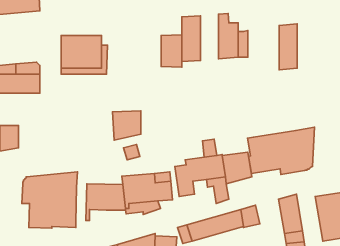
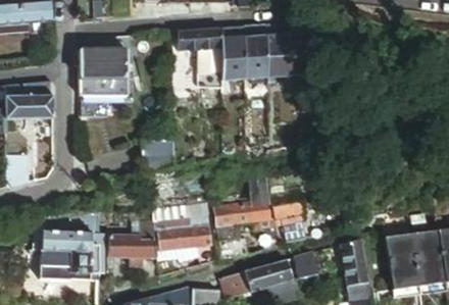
building: none -> [180,28,223,52]
building: [279,24,297,70] -> [246,24,267,80]
building: [247,127,314,174] -> none

